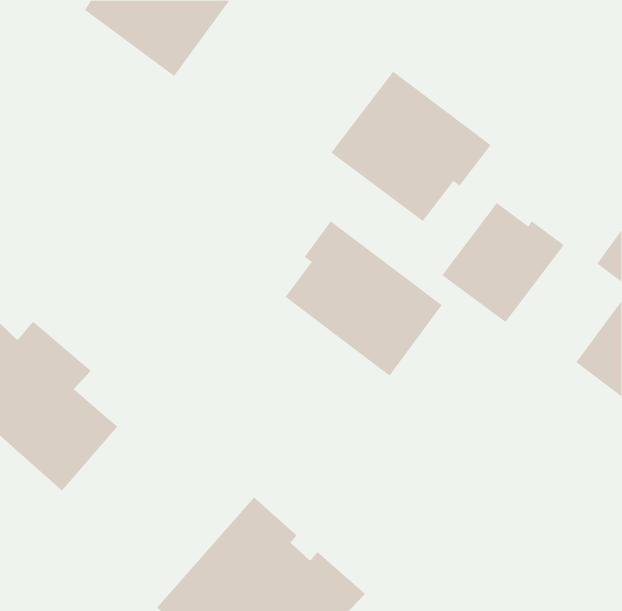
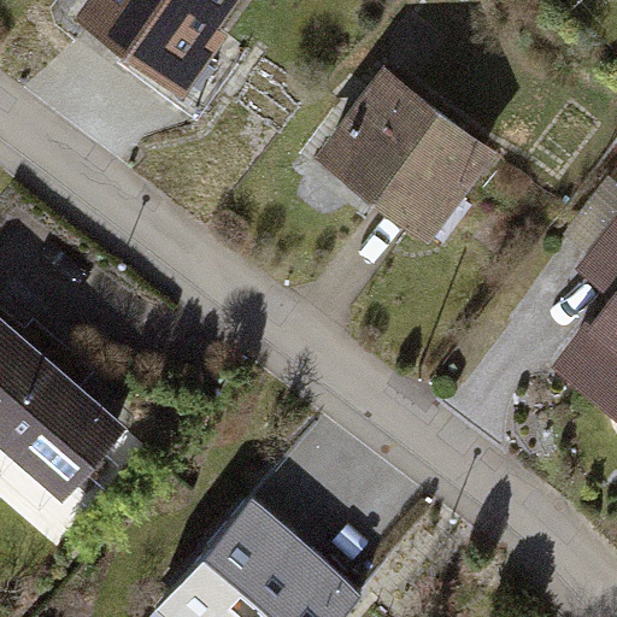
building: [442,202,564,323] -> none
building: [285,221,443,376] -> none

